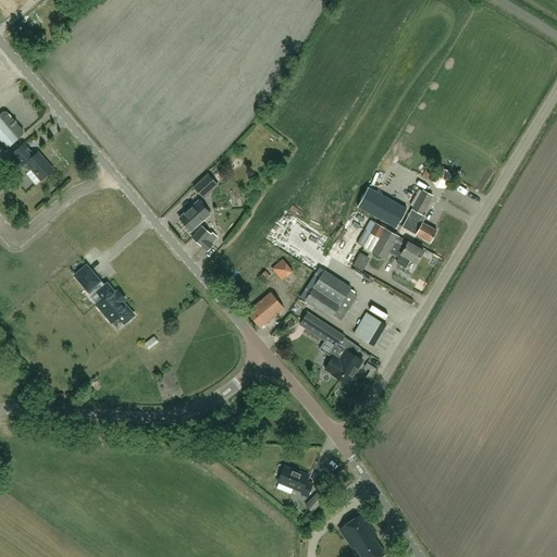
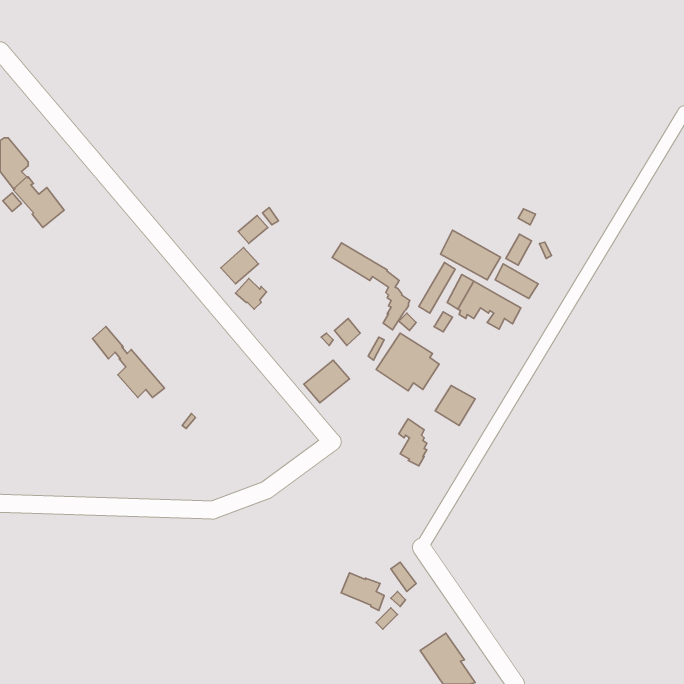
building: [299,313,362,384] -> [332,243,410,330]

